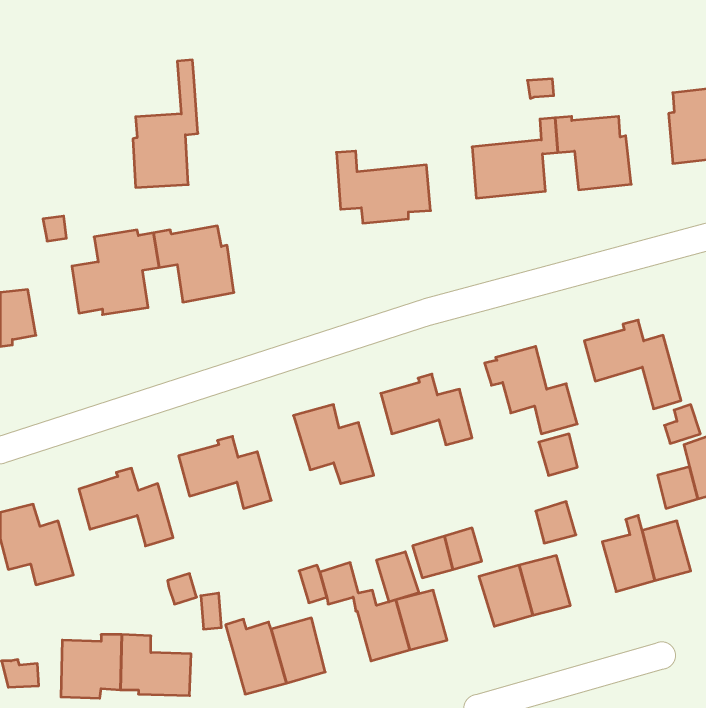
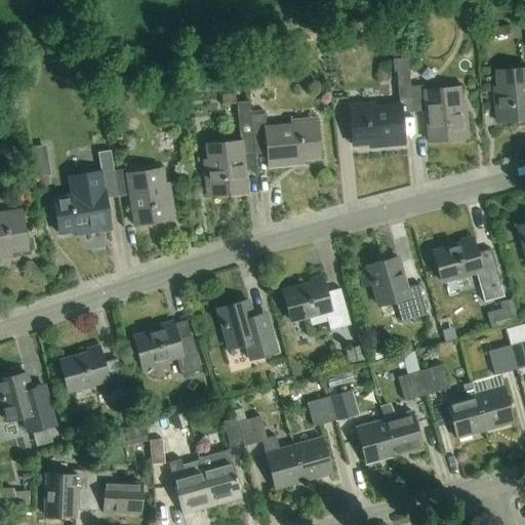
building: [133,60,198,187] -> [205,100,253,195]
building: [539,434,577,475] -> [420,365,449,396]
building: [377,552,419,602] -> none

